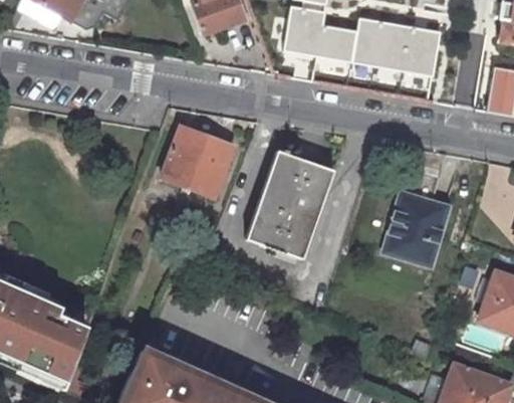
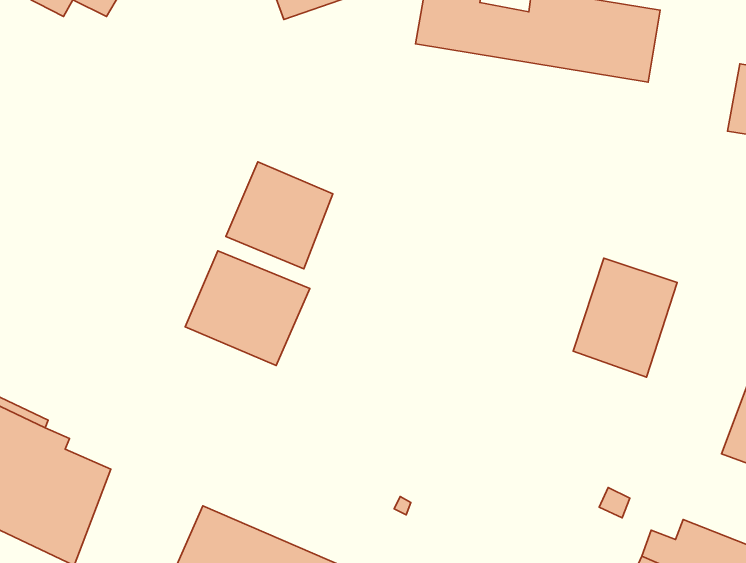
building: [250,153,338,262] -> none
building: none -> [185,251,310,365]

